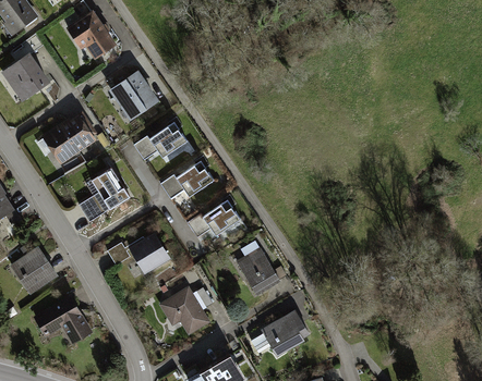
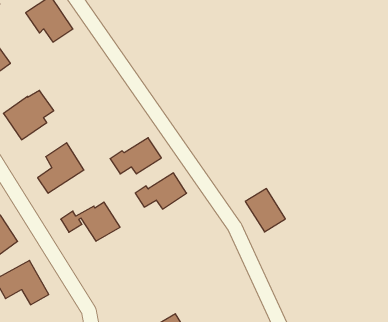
building: [109,70,159,120] -> none
building: [132,122,186,161] -> none
building: [237,248,280,295] -> [245,189,285,232]
building: [159,287,209,334] -> none
building: [261,309,311,357] -> none

